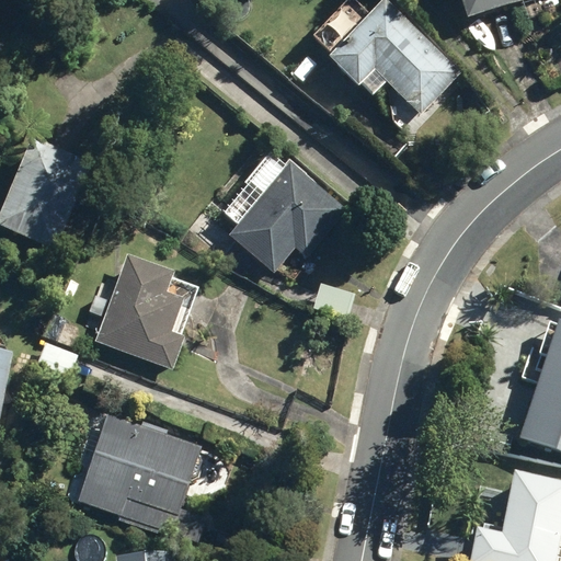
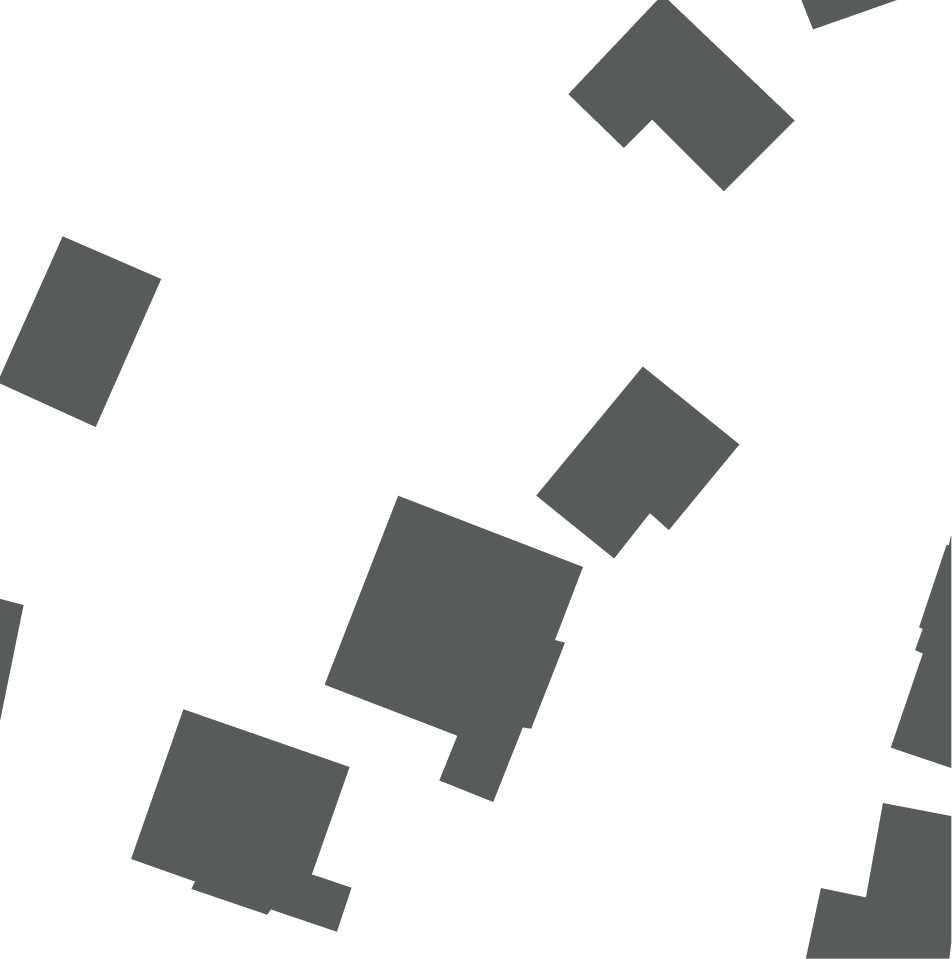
building: [228,162,347,275] -> [535,365,741,559]
building: [96,253,186,370] -> none
building: none -> [324,495,584,803]

